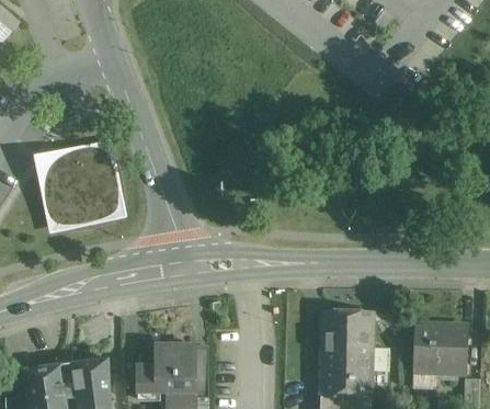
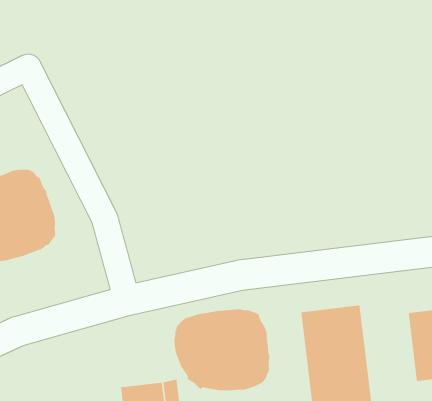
building: none -> [174,308,270,391]

